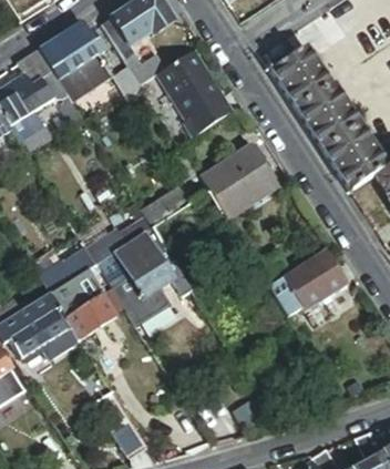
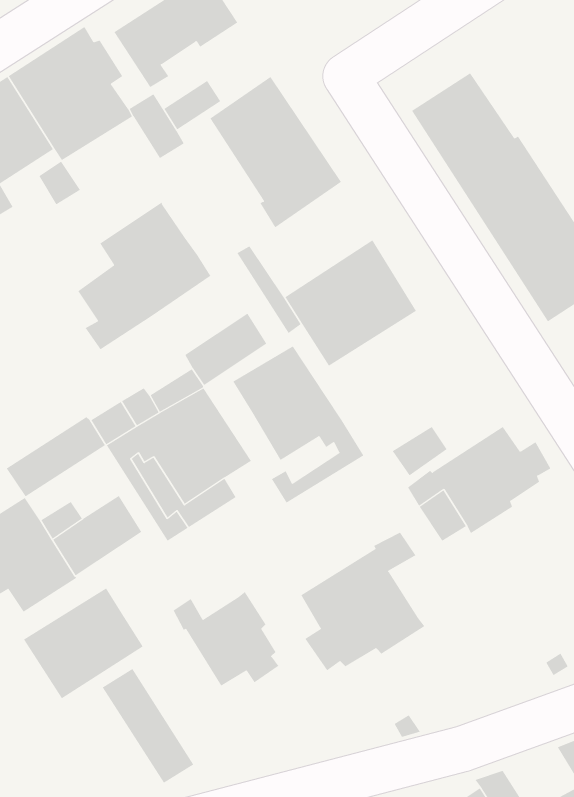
building: none -> [77,202,211,350]
building: none -> [233,346,364,503]
building: none -> [300,532,425,671]
building: none -> [23,587,143,699]
building: none -> [173,591,279,686]

